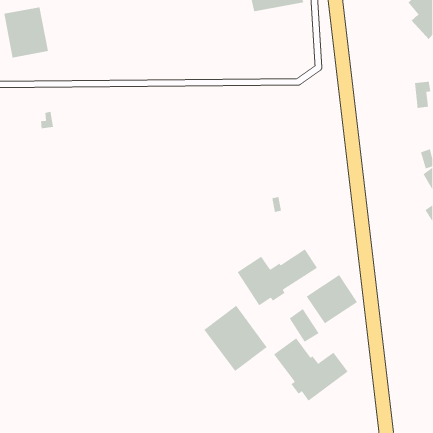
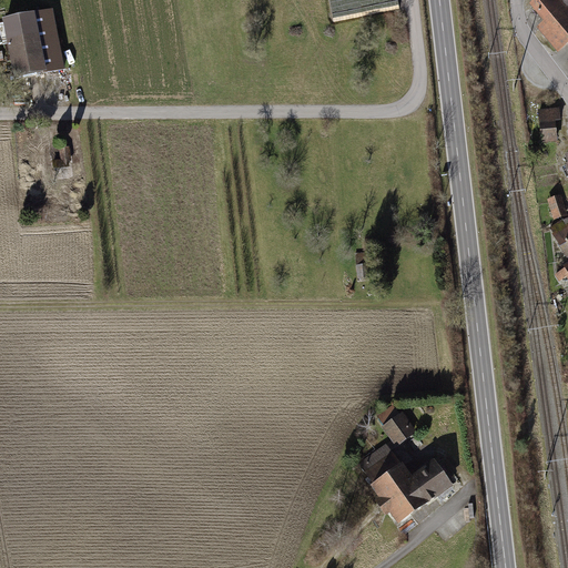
building: [237,248,318,306] -> none
building: [306,274,358,324] -> none
building: [204,305,268,372] -> none

